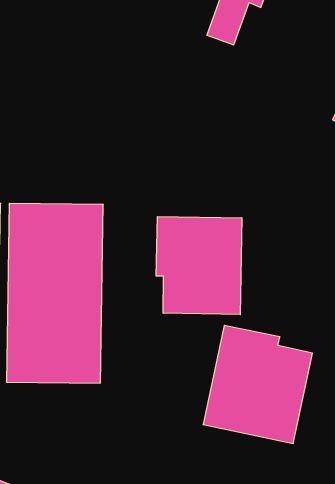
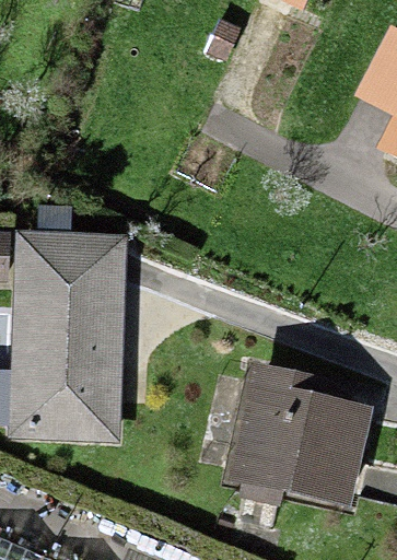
building: [156,217,242,315] -> none

